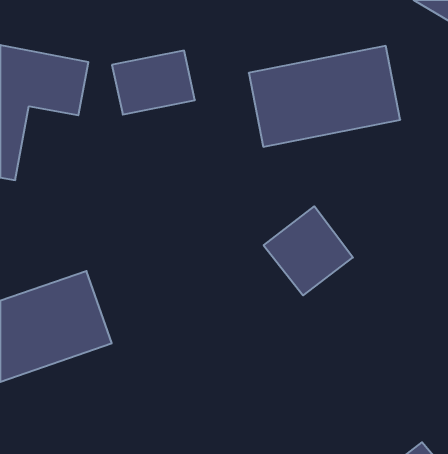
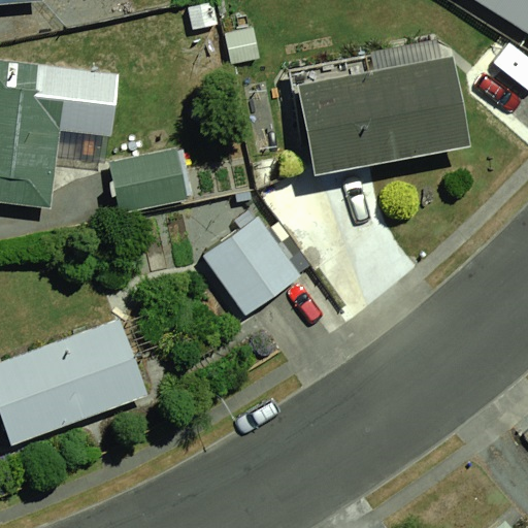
building: [112,51,195,115] -> [86,146,180,220]
building: [264,206,353,295] -> [200,214,302,317]

